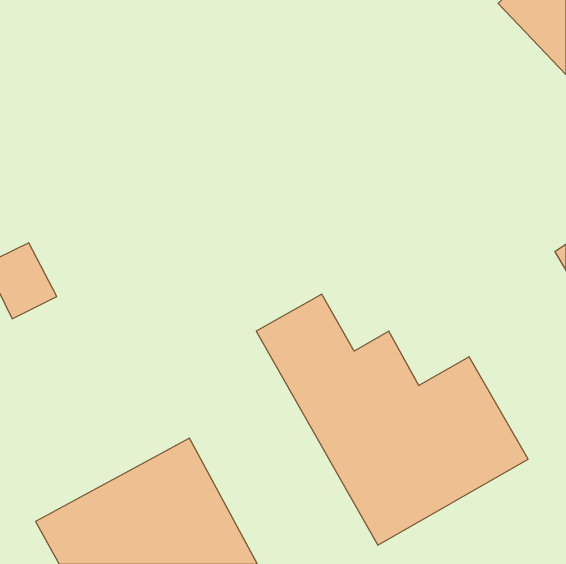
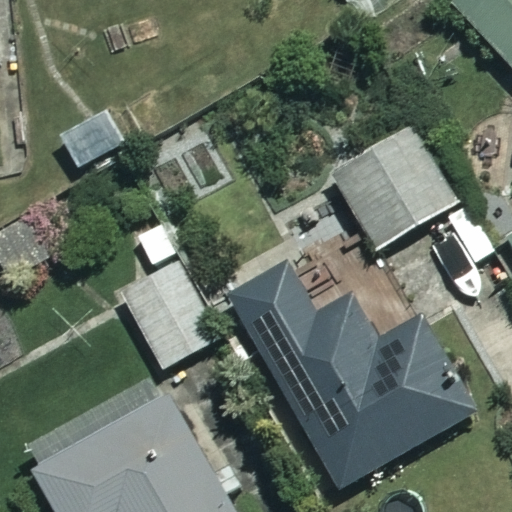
building: none -> [334,131,454,246]
building: none -> [123,223,224,367]

